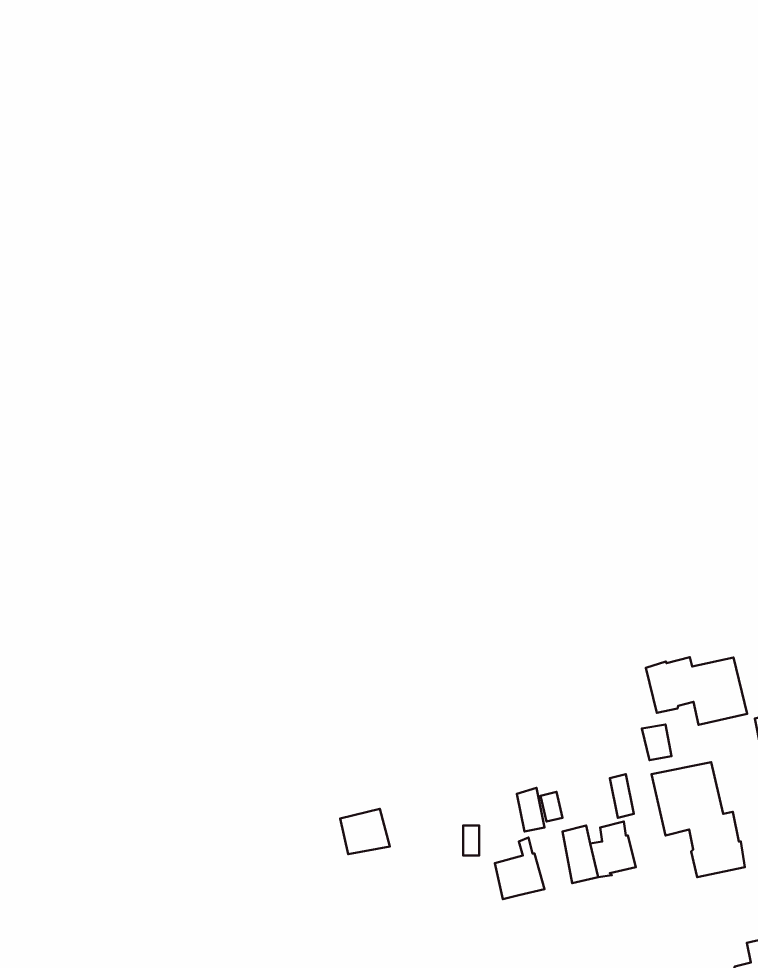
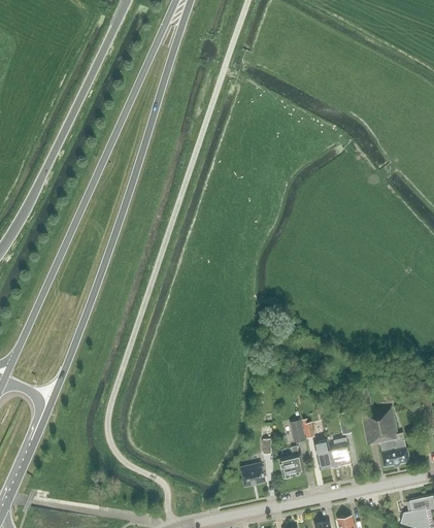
building: [646,657,747,725] -> none
building: [340,809,390,854] -> [240,462,266,486]

